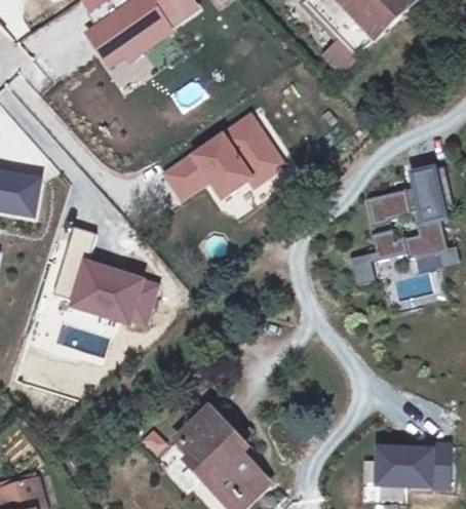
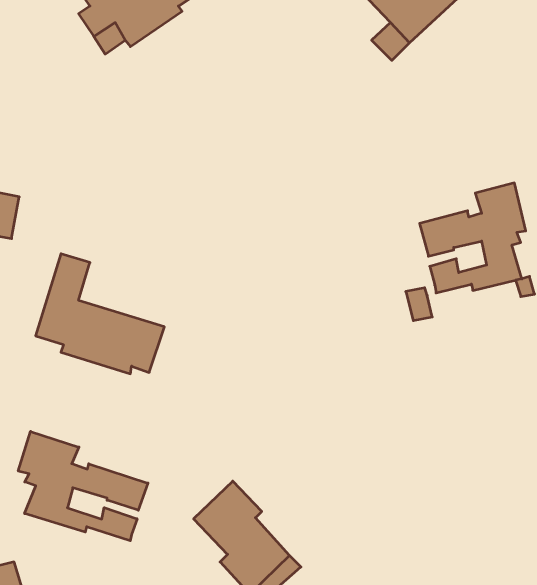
building: [165,117,277,197] -> none
building: none -> [18,431,148,541]
building: [378,444,452,485] -> none

